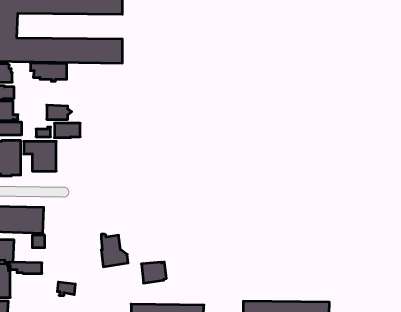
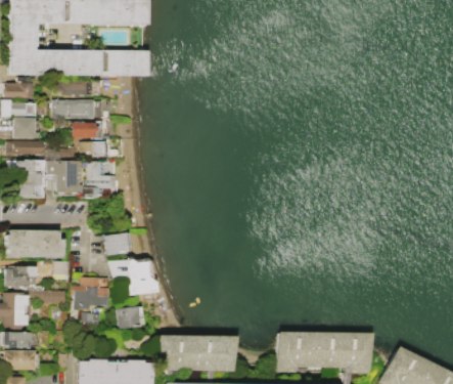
building: none -> [51,99,100,118]
building: none -> [82,161,115,188]
building: none -> [100,232,129,255]
building: none -> [70,276,107,309]
building: [141,262,166,283] -> [117,306,143,329]

